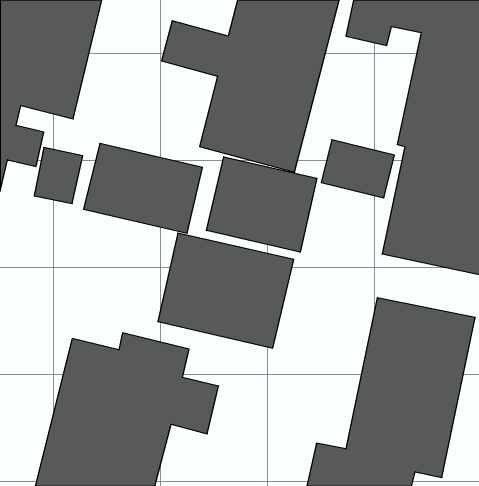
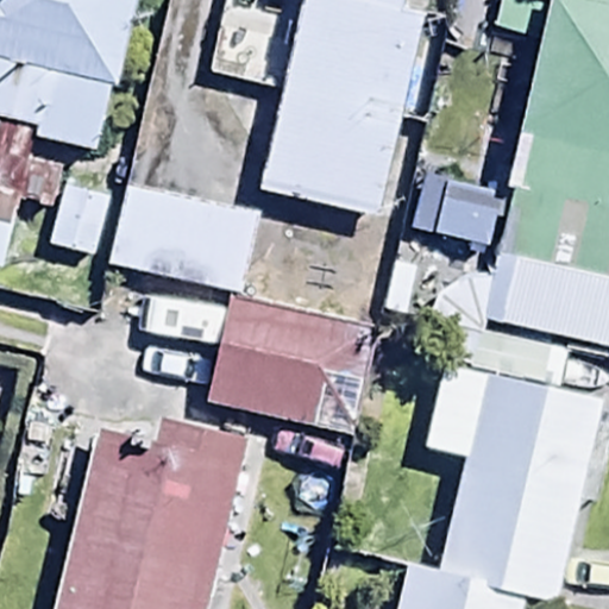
building: [206,157,317,252] -> none

